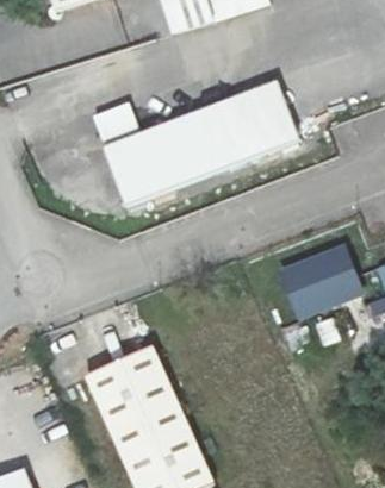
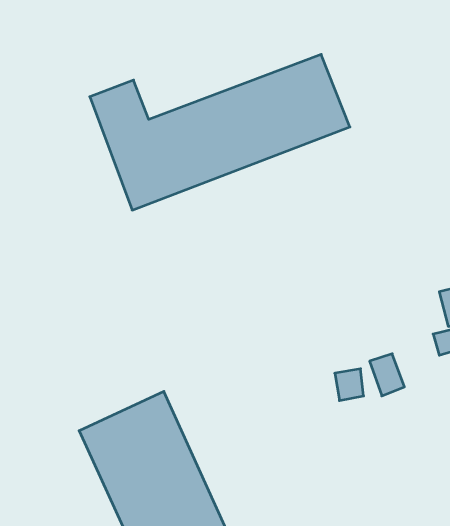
building: [282,249,361,317] -> none

